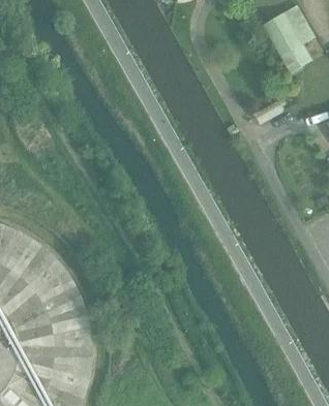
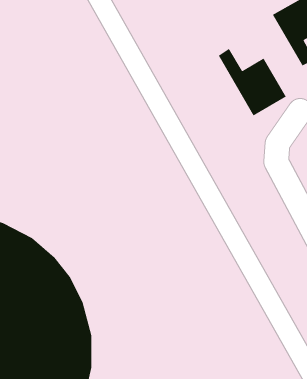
building: none -> [218,48,287,117]

